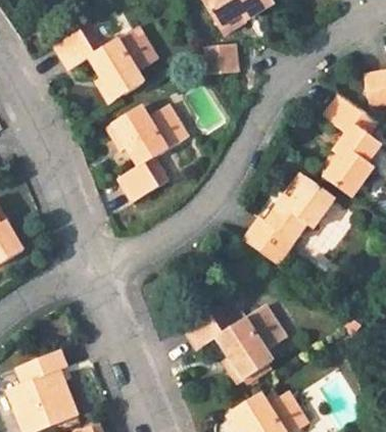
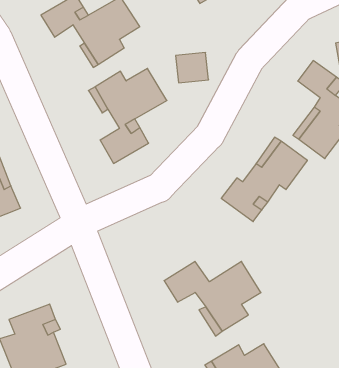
building: [201,42,236,74] -> [176,53,209,83]

